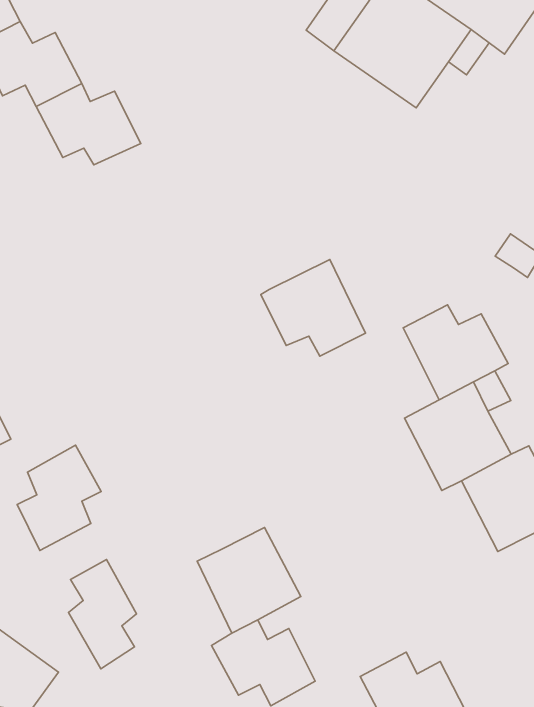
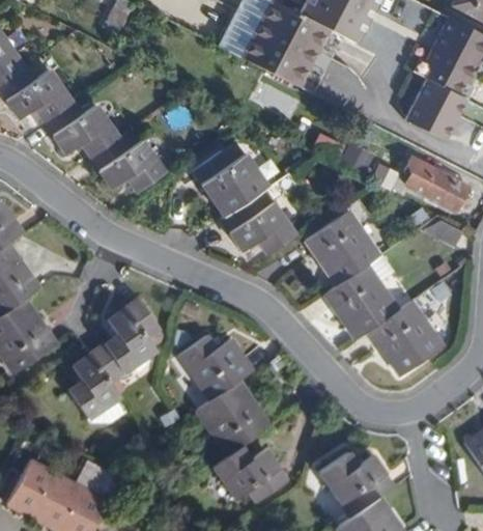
building: none -> [88,134,164,189]
building: none -> [189,157,261,221]
building: none -> [102,299,159,373]
building: none -> [178,336,253,401]
building: [68,559,137,669] -> none

